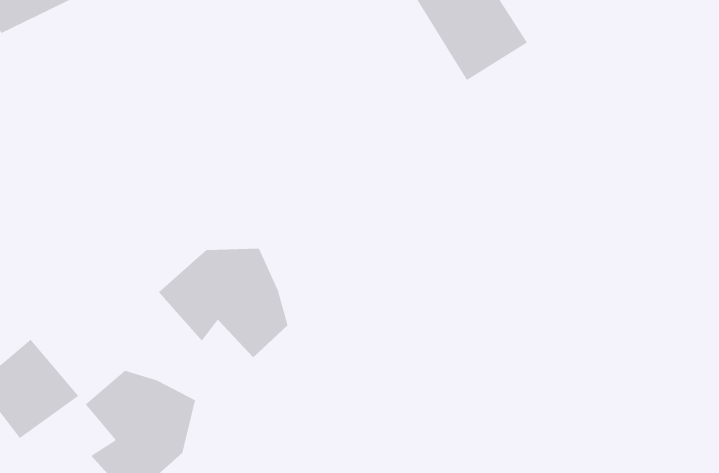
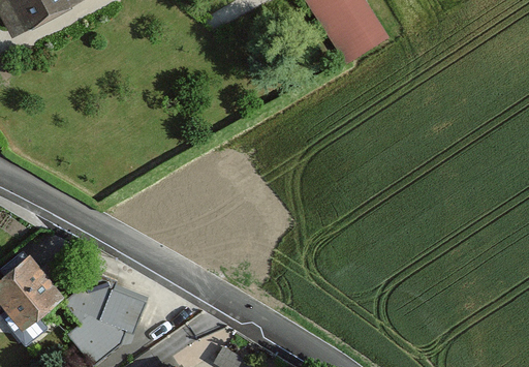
building: [158,248,288,358] -> none

